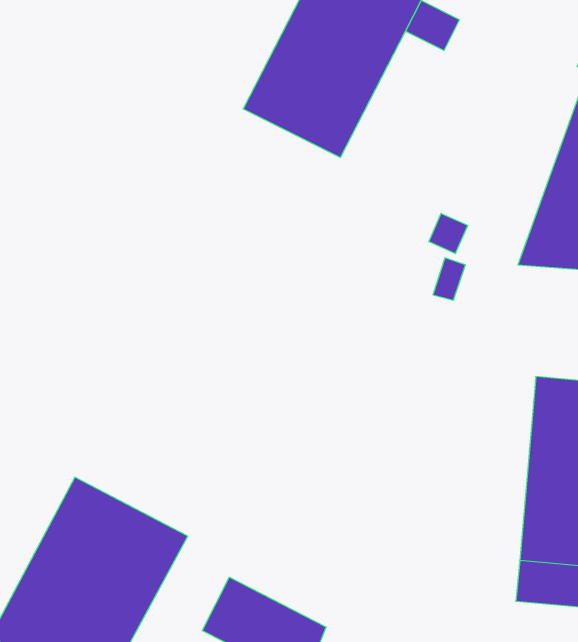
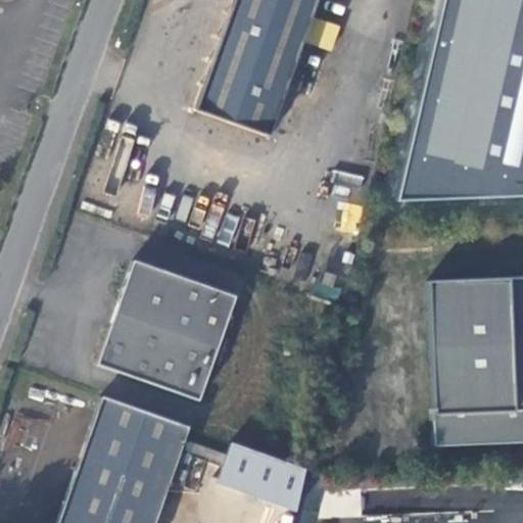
building: none -> [97,264,237,405]

